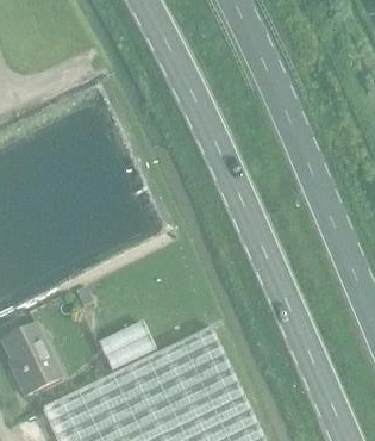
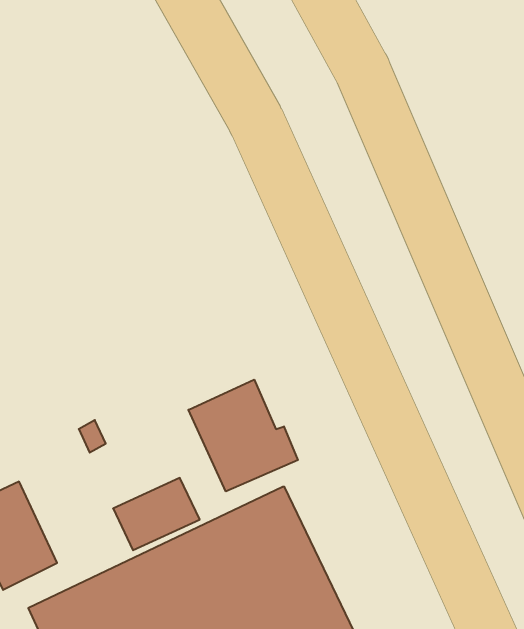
building: none -> [188,380,298,491]

